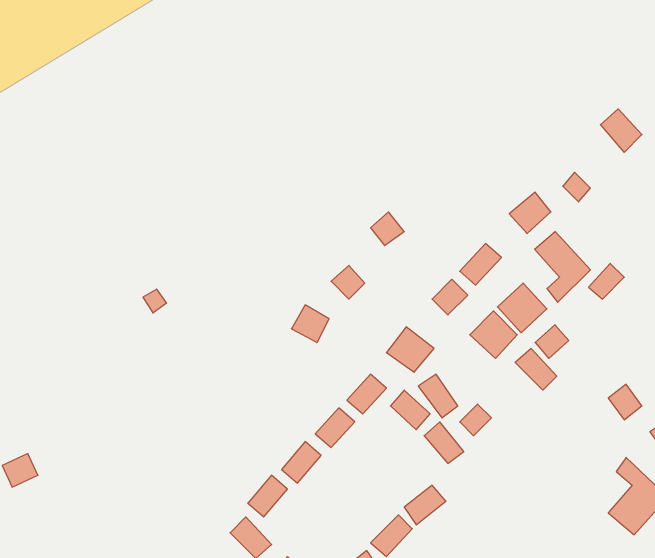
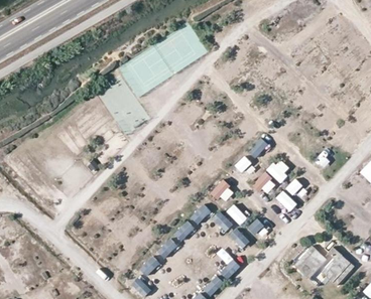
building: [535,231,590,302] -> none
building: none -> [294,245,325,277]

